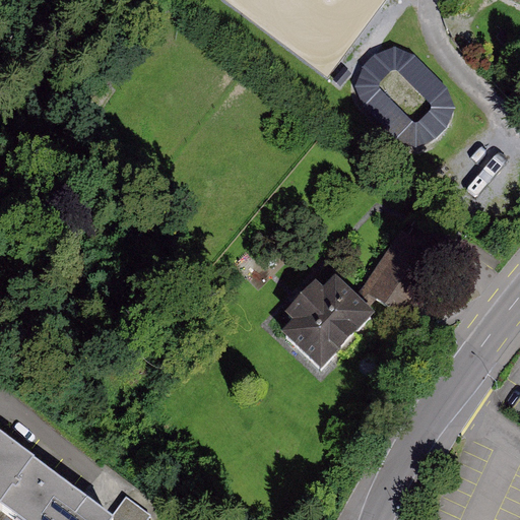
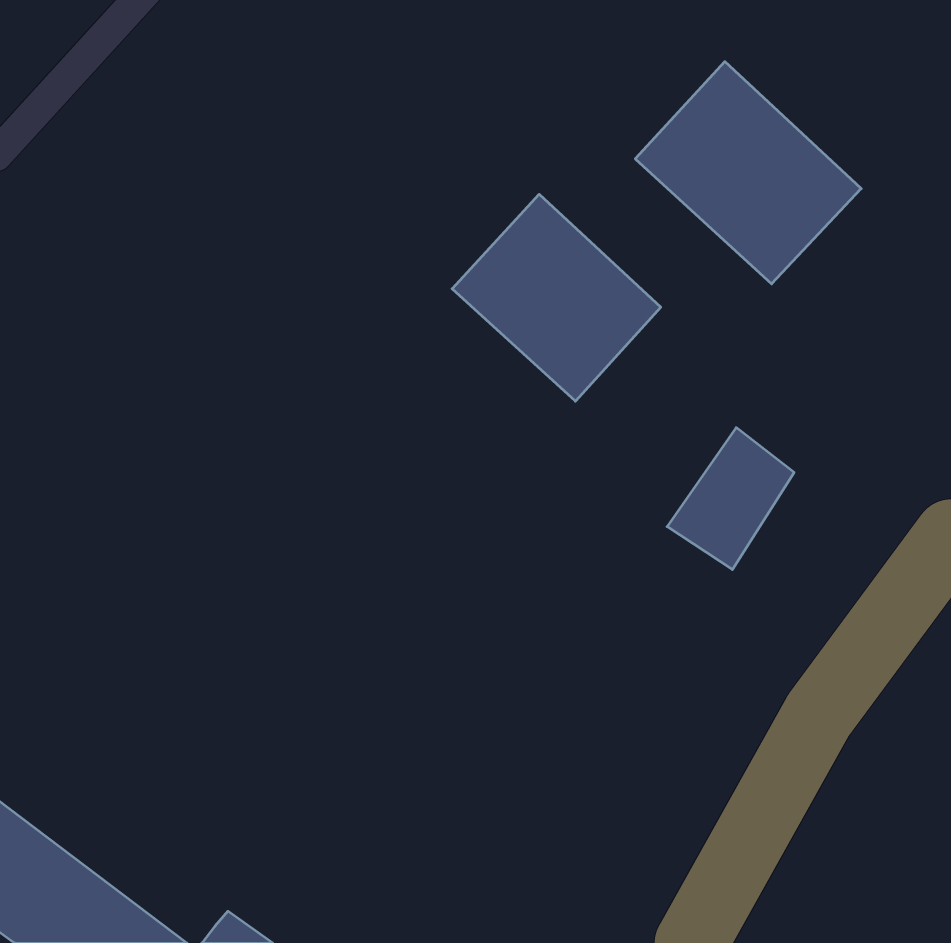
building: none -> [452,194,661,401]
building: [284,277,374,374] -> none

